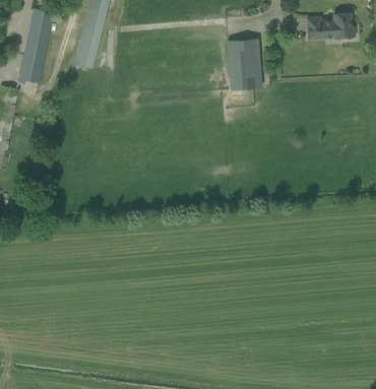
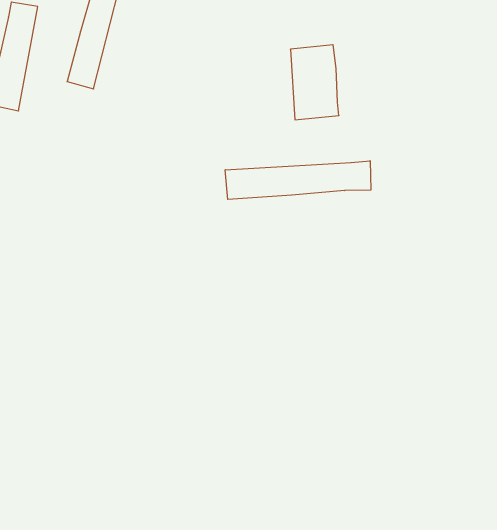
building: [306,13,351,40] -> none
building: none -> [225,161,371,199]

